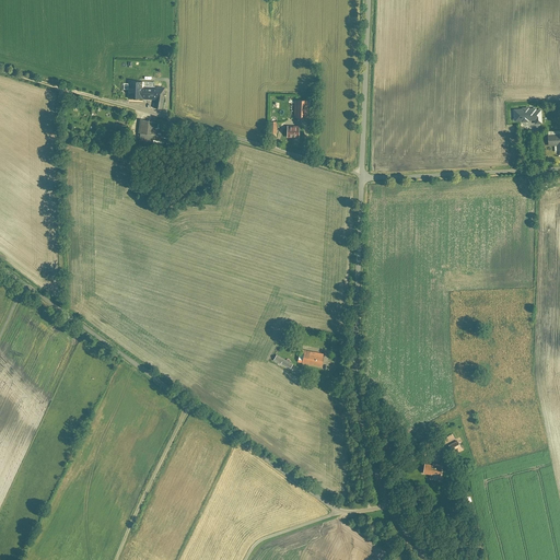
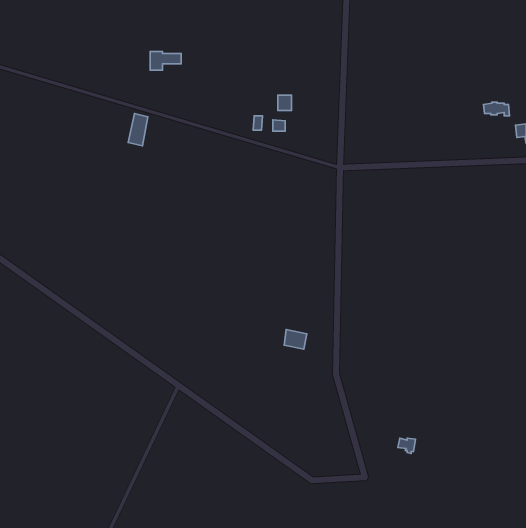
building: [129,81,162,101] -> [150,51,181,70]

